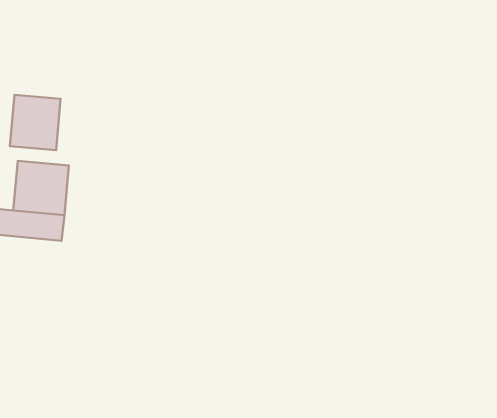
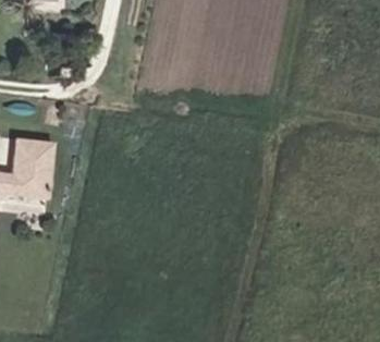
building: [10,95,61,150] -> none

